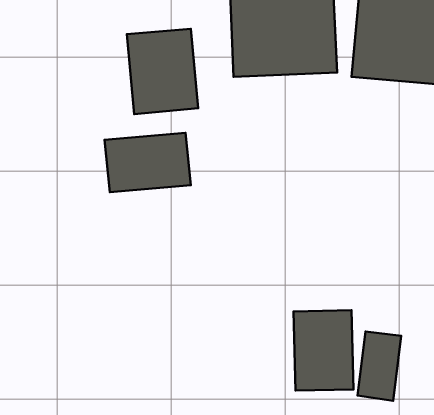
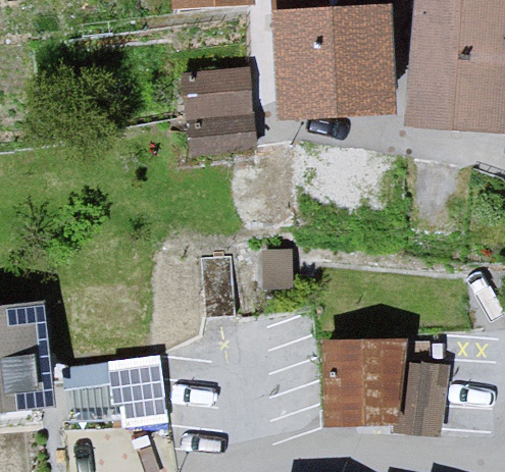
building: [105,133,191,192] -> none
building: none -> [74,360,184,410]

